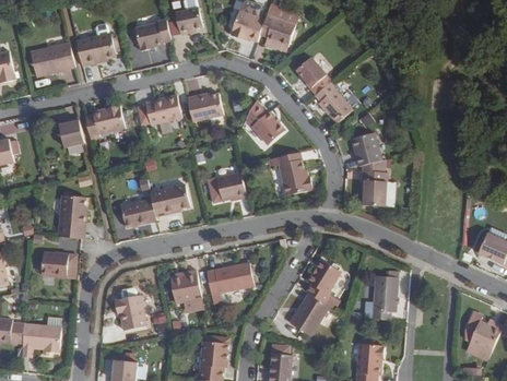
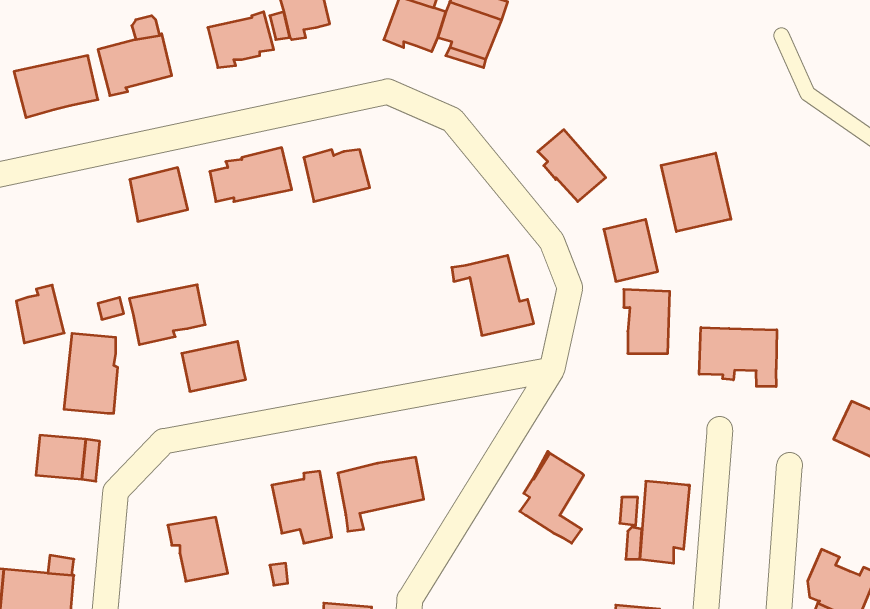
building: [297,57,332,95] -> none
building: none -> [661,153,731,232]
building: [246,100,285,144] -> none
building: [58,116,84,147] -> [16,285,64,343]
building: [207,171,247,202] -> none
building: [150,182,191,215] -> [129,285,205,345]
building: none -> [699,327,777,387]
building: [291,294,329,335] -> none

